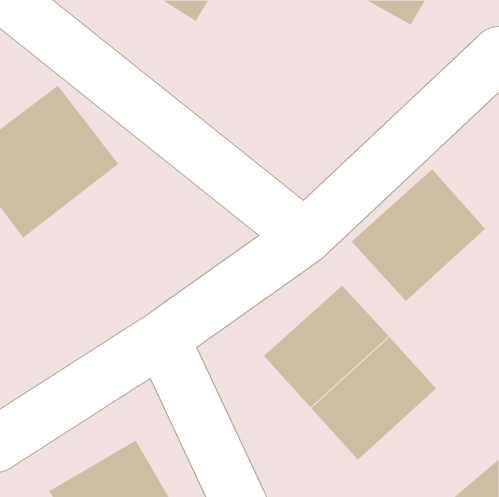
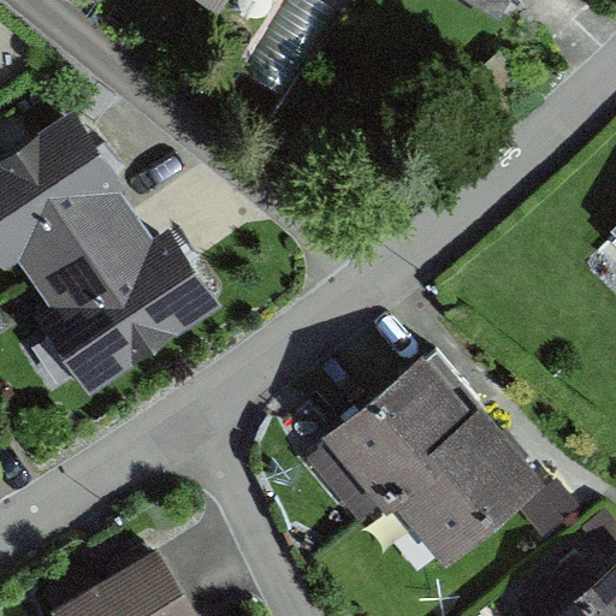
building: none -> [28,208,221,397]
building: [351,168,486,302] -> none

